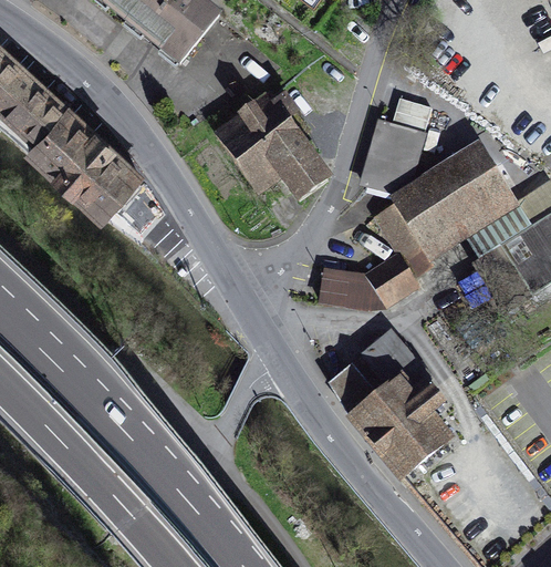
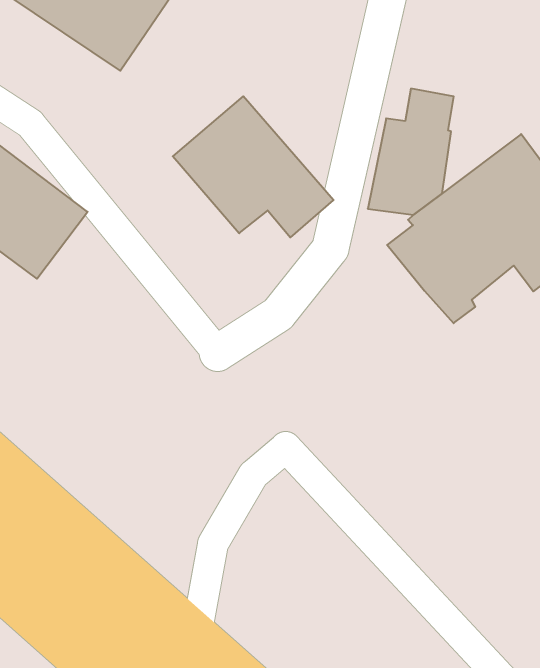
building: [319,252,422,311] -> none
building: [328,328,456,484] -> none

